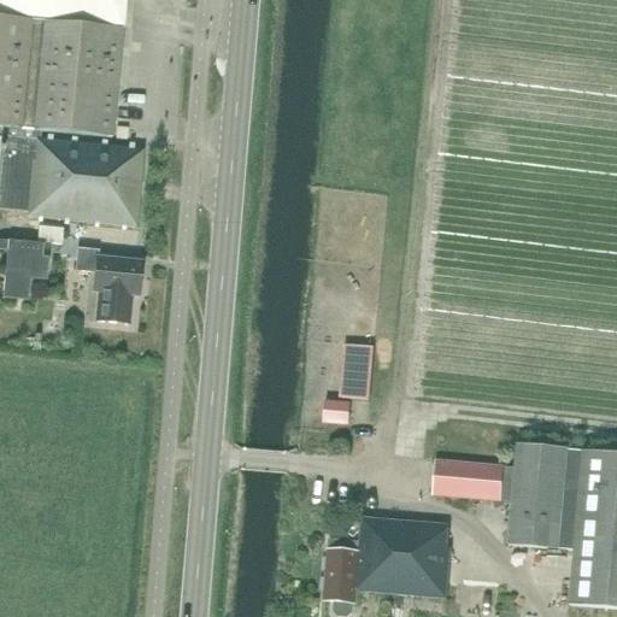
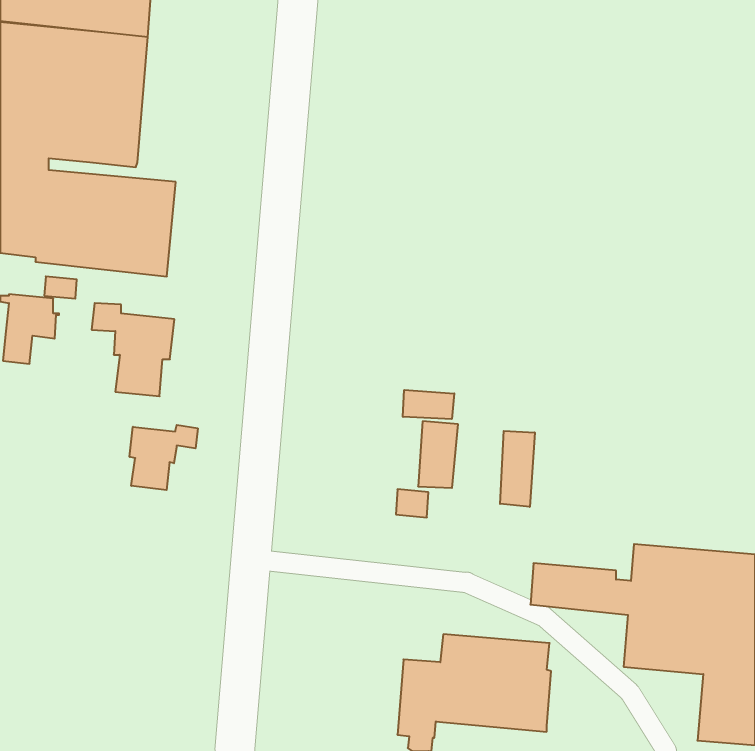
building: none -> [403,390,454,419]
building: none -> [130,425,198,490]
building: none -> [500,431,535,507]

